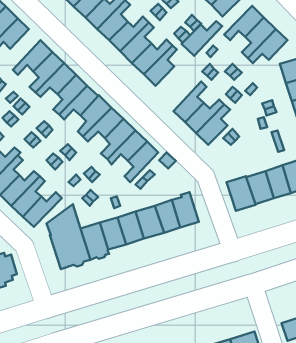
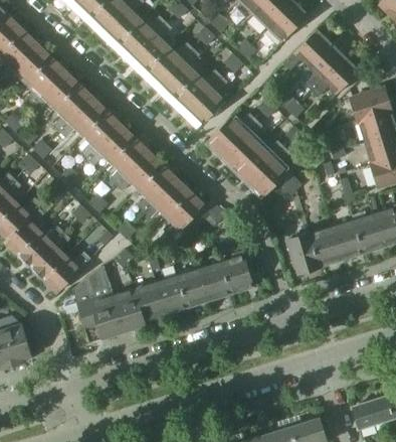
building: [182,21,222,56] -> [208,114,256,155]
building: none -> [25,57,65,106]

